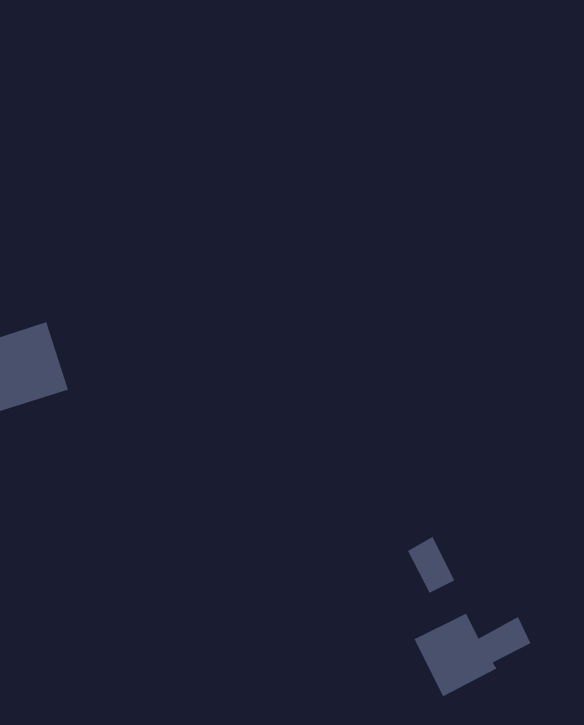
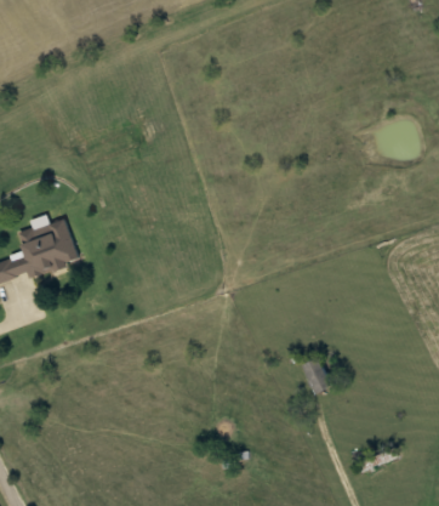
building: [414,613,531,697] -> none

